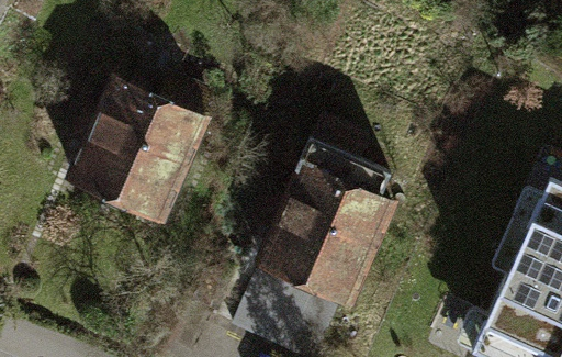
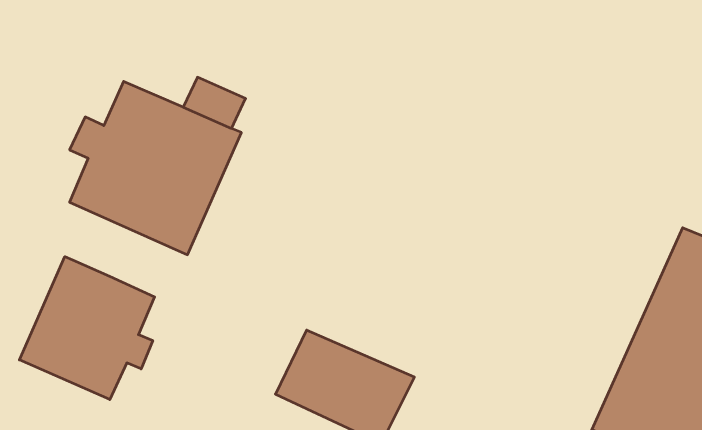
building: [259,127,391,297] -> none
building: none -> [19,257,155,400]

